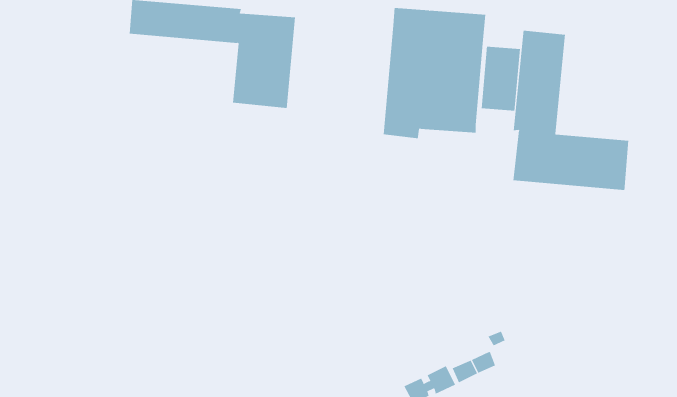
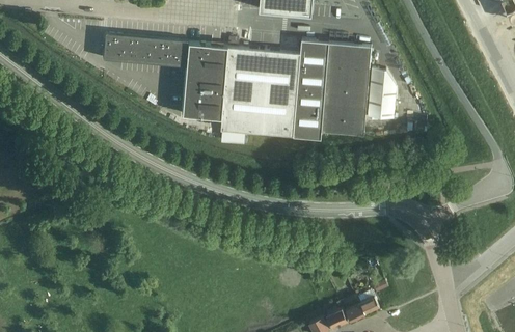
building: none -> [220,45,300,133]
building: [513,30,629,191] -> none

